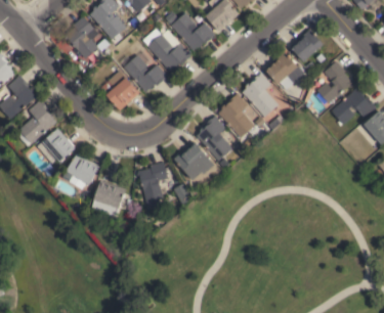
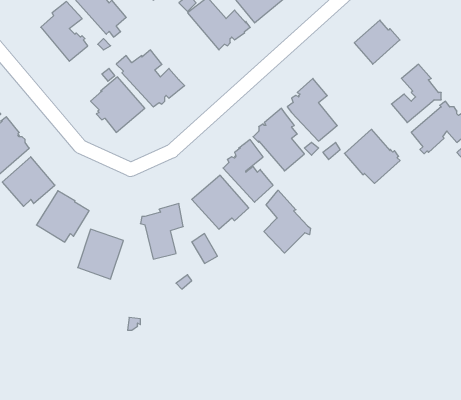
building: [142,28,190,72] -> none
building: [264,51,304,90] -> [344,129,400,183]
building: none -> [264,190,310,253]

